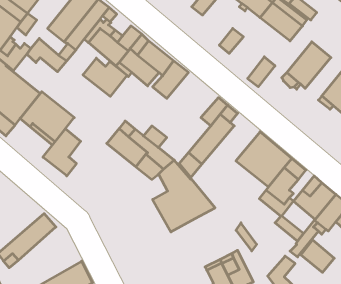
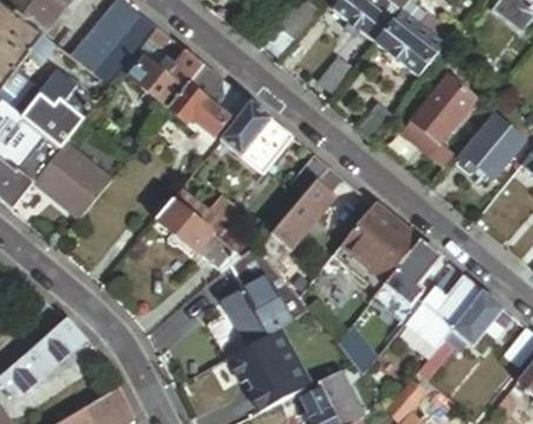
building: [83,58,127,96] -> [24,92,86,147]
building: none -> [242,118,293,172]
building: [43,129,81,176] -> none
building: none -> [218,326,308,410]
building: [301,240,334,272] -> [405,301,452,347]

